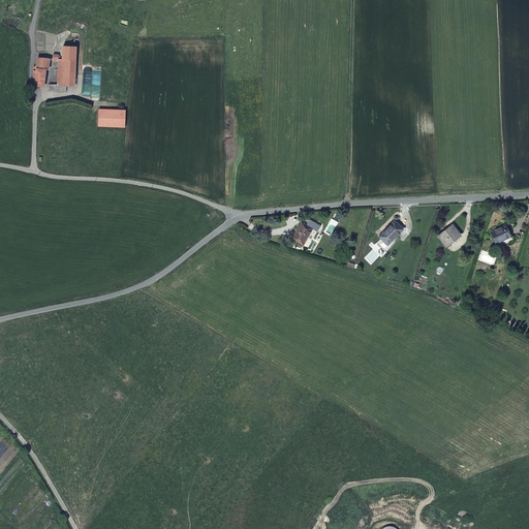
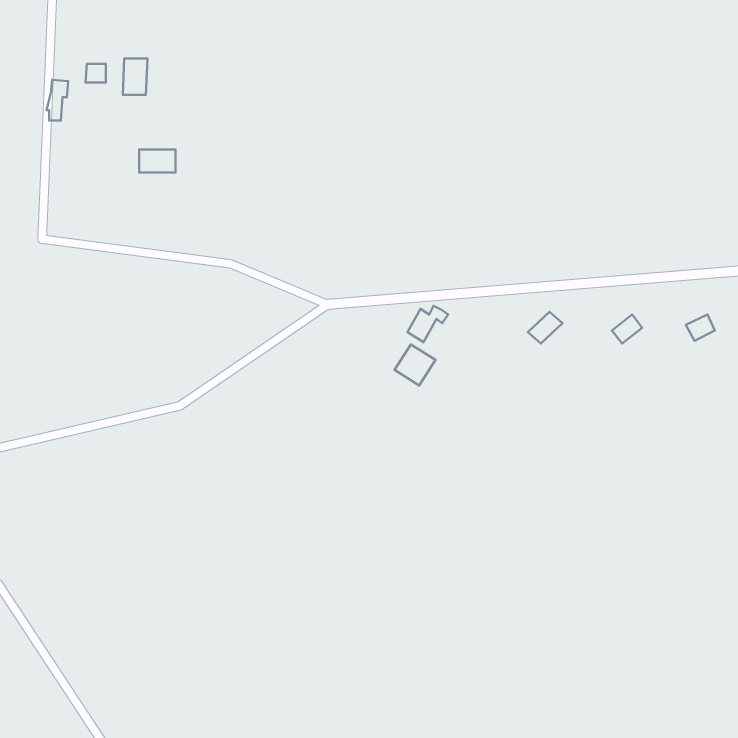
building: [58,61,75,87] -> [123,59,147,95]
building: none -> [395,344,435,385]

